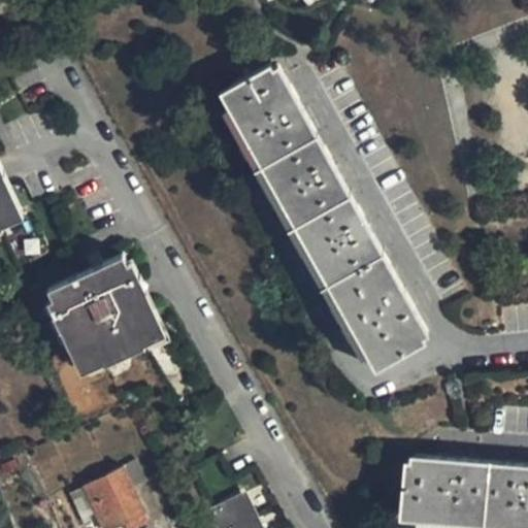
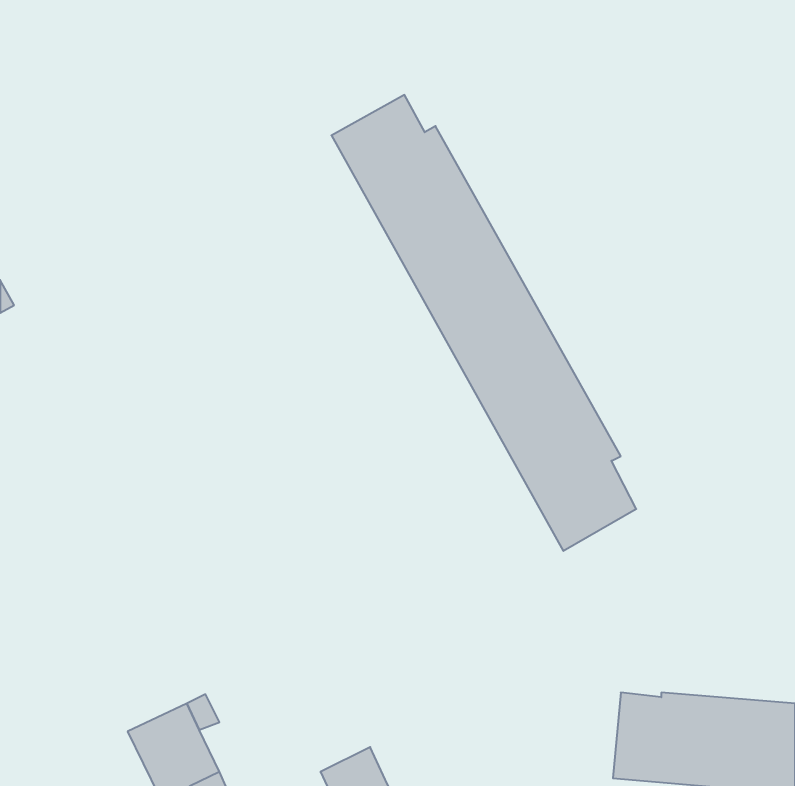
building: [42,256,152,362] -> none

